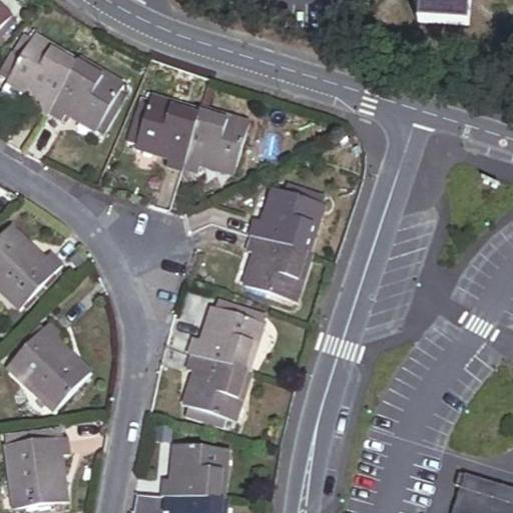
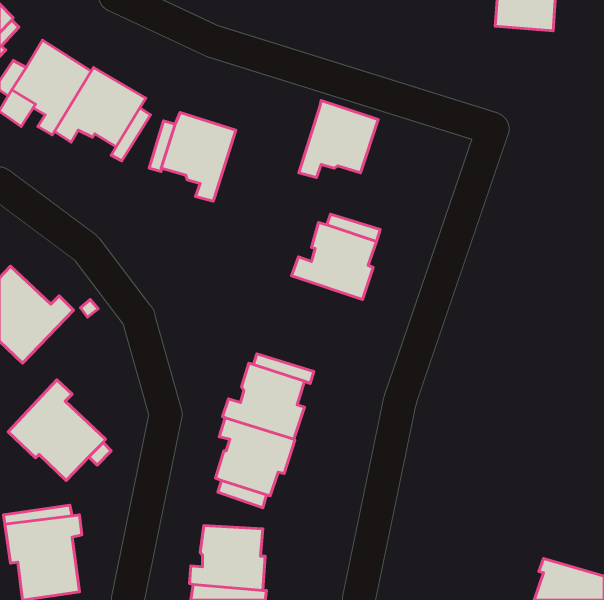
building: [181,106,248,171] -> [299,101,378,178]
building: [241,234,310,301] -> none

